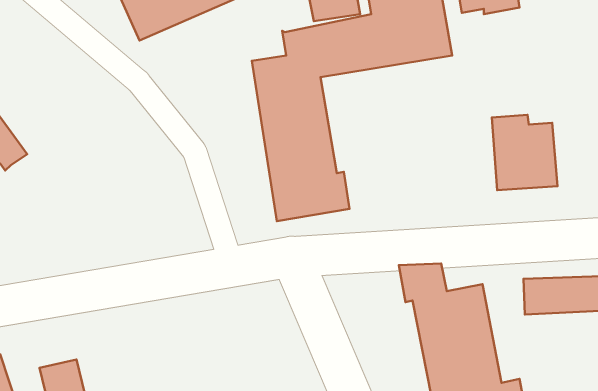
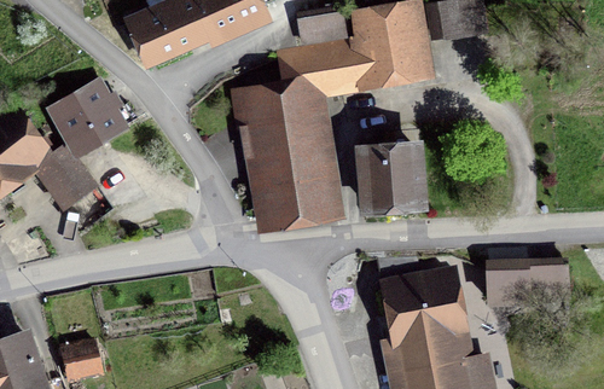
building: none -> [53,83,122,152]
building: [492,115,558,190] -> [362,141,420,208]
building: none -> [36,149,95,209]

